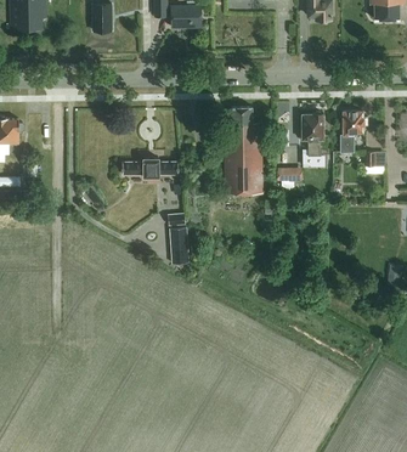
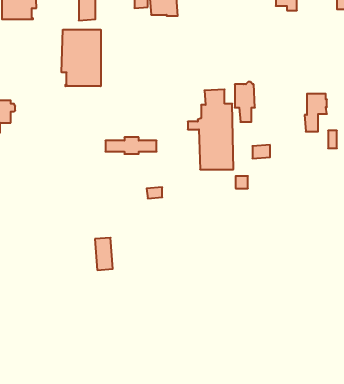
building: none -> [62,30,101,86]
building: [303,112,324,156] -> [235,82,255,122]
building: [170,228,190,264] -> [95,238,113,270]

